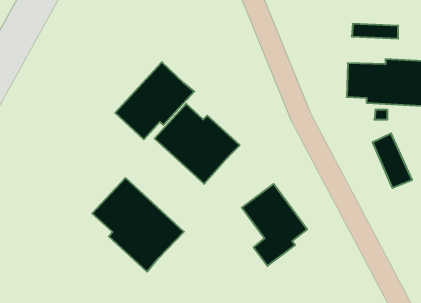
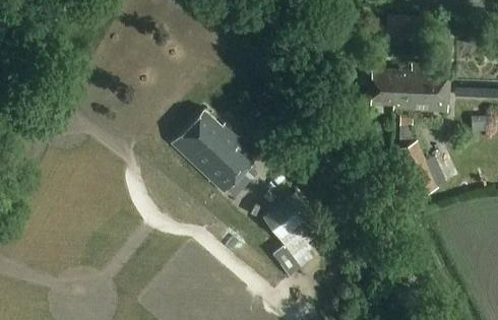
building: [115,62,194,139] -> none
building: [92,178,184,272] -> none

